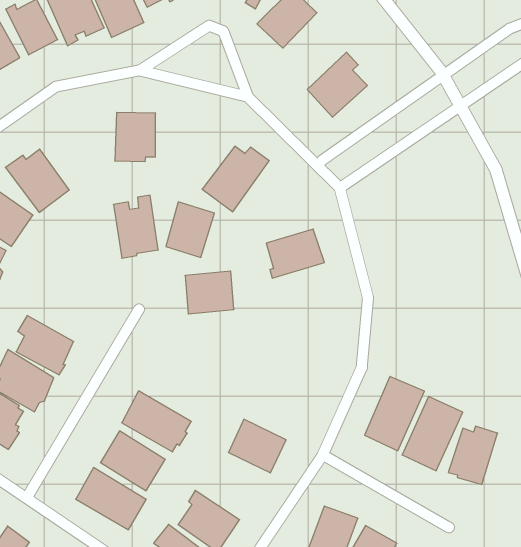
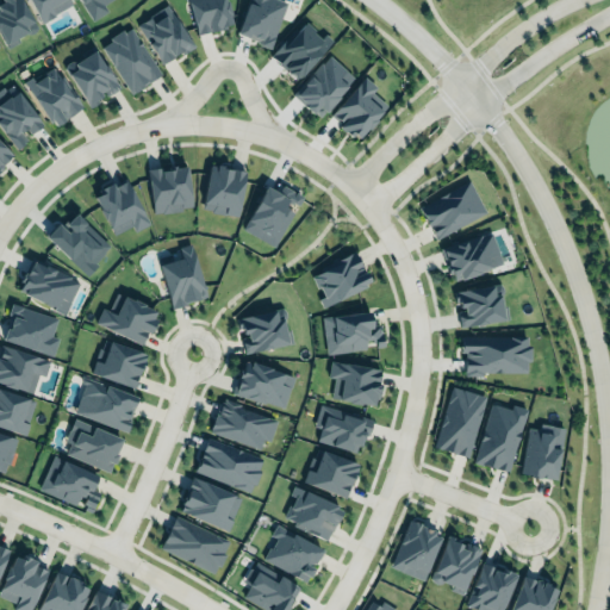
building: none -> [294,56,357,120]
building: none -> [95,180,152,237]
building: none -> [419,178,487,239]
building: [166,202,214,257] -> [205,167,248,218]
building: none -> [441,232,505,281]
building: none -> [98,295,160,346]
building: none -> [93,338,149,388]
building: none -> [458,287,506,329]
building: none -> [324,313,385,355]
building: none -> [234,357,298,412]
building: none -> [462,337,533,376]
building: none -> [330,365,384,406]
building: none -> [210,398,278,450]
building: none -> [313,404,373,455]
building: none -> [285,490,344,542]

